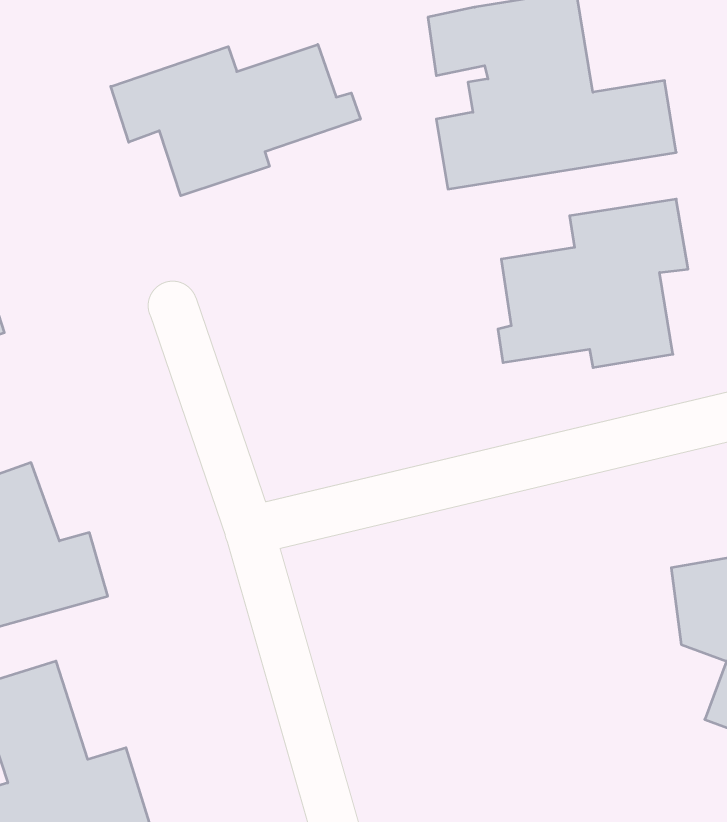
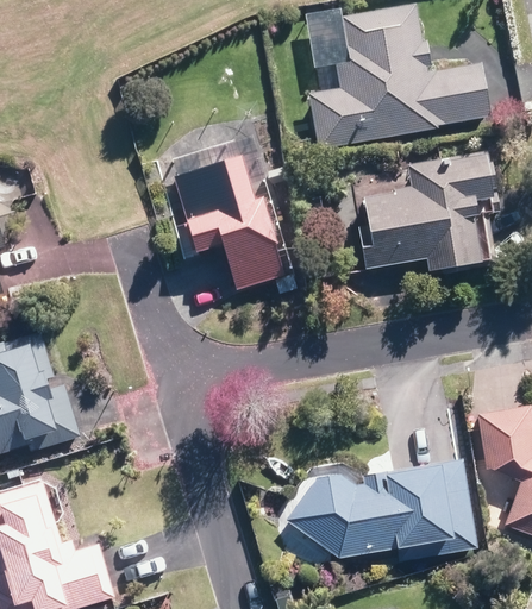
building: [111,44,360,196] -> none
building: none -> [175,156,286,293]
building: none -> [284,457,471,558]

